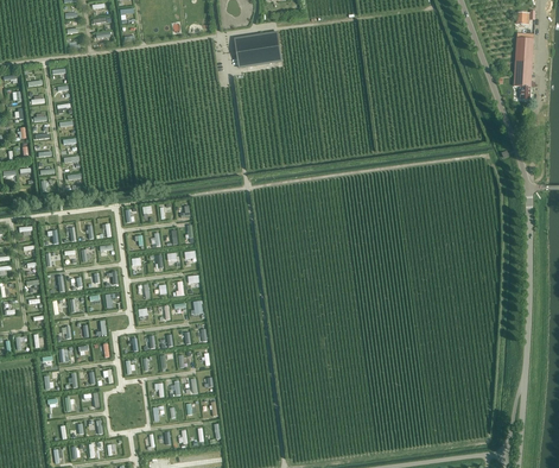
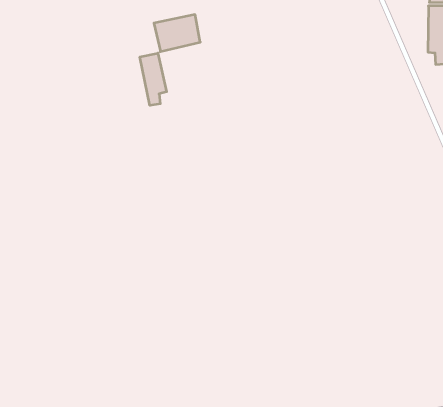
building: none -> [140,53,167,105]

